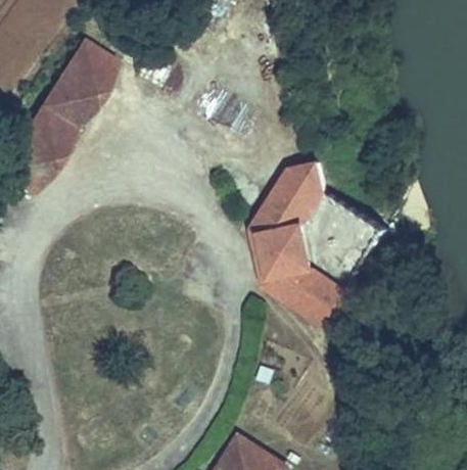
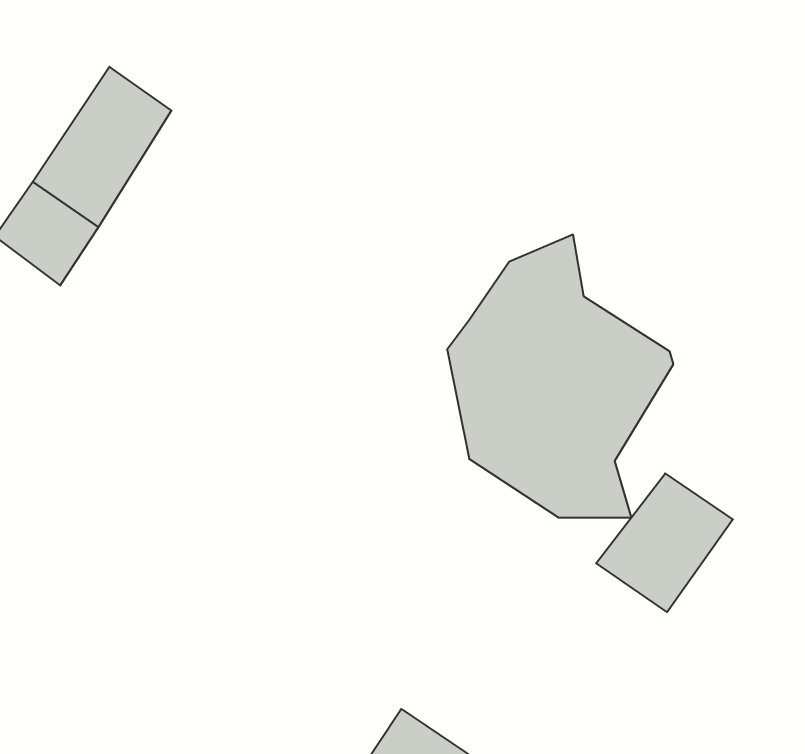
building: [62,40,118,94] -> none
building: none -> [596,473,733,612]

